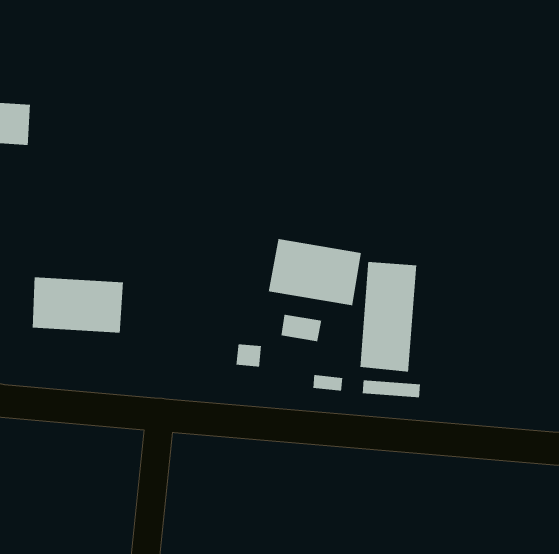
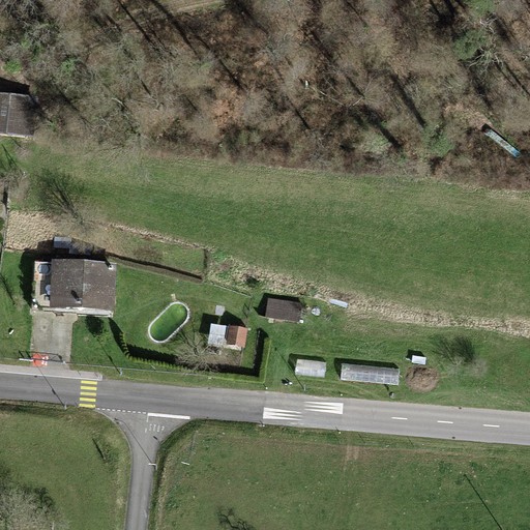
building: [268,238,362,306] -> none
building: [360,261,417,372] -> none

